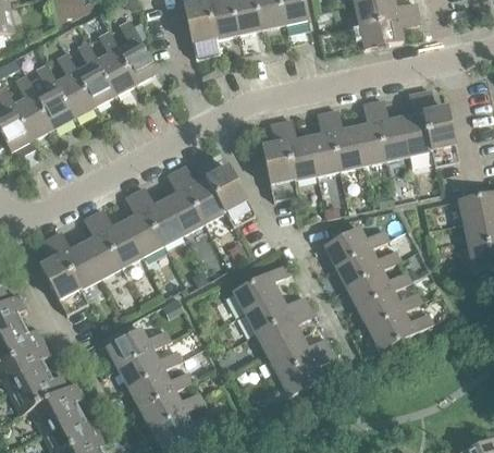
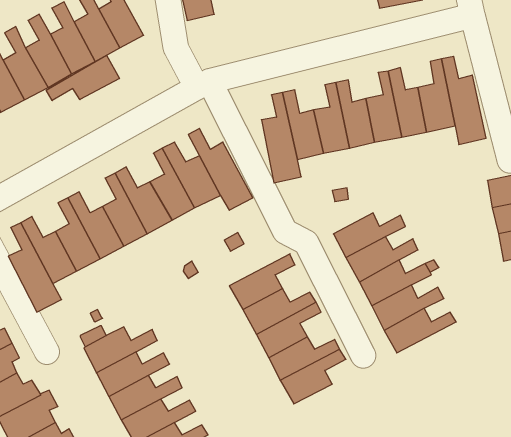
building: none -> [46,55,119,101]

